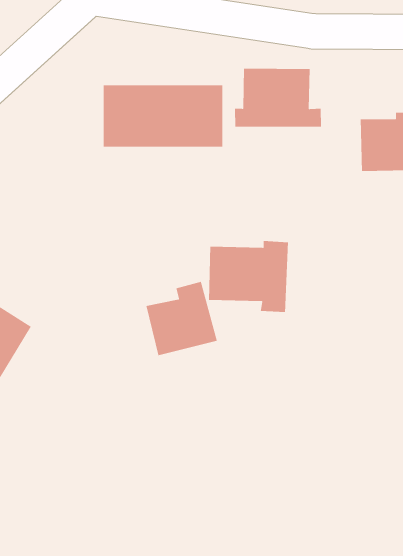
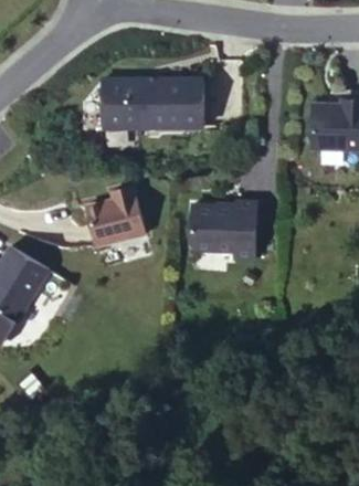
building: [234,68,322,127] -> none
building: [145,281,218,356] -> [87,189,146,250]

